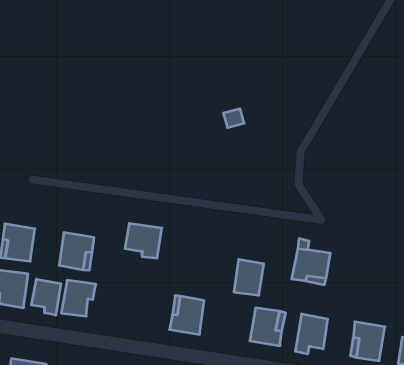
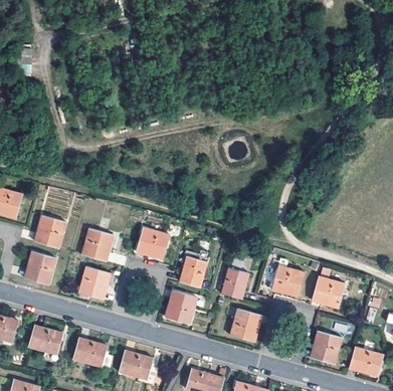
building: none -> [179,256,206,287]
building: none -> [310,275,344,308]
building: [31,279,61,315] -> none
building: [295,314,328,354] -> none

